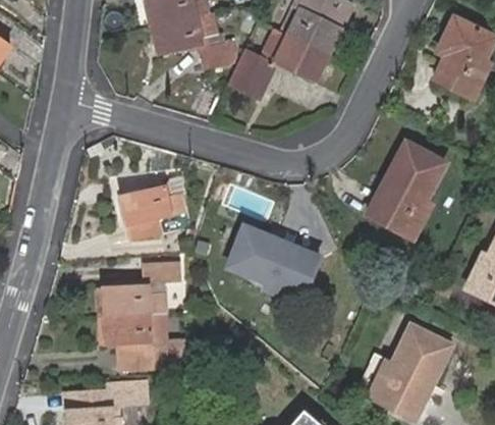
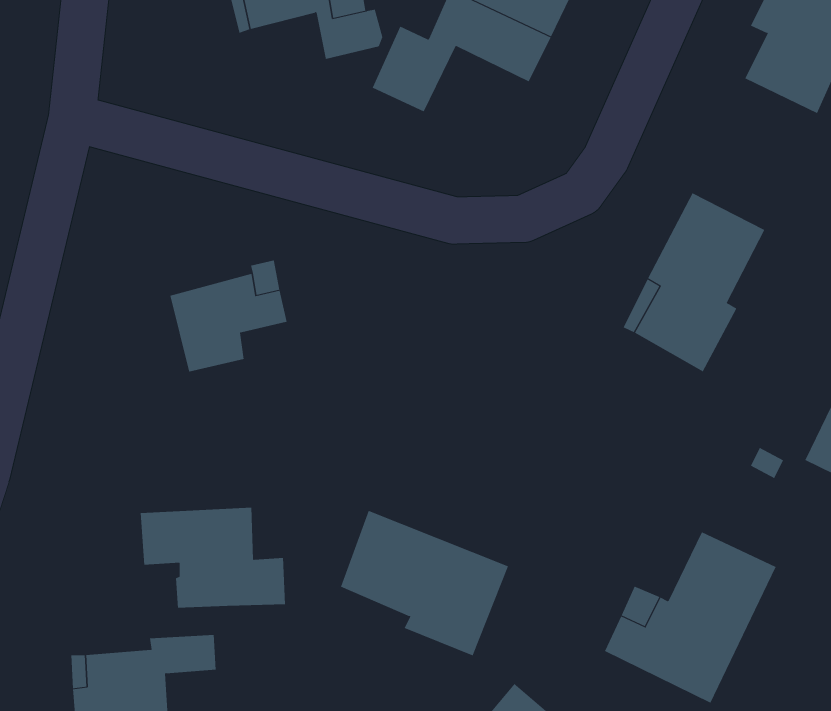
building: [226,225,318,305] -> [340,510,509,656]
building: [101,262,179,316] -> none

